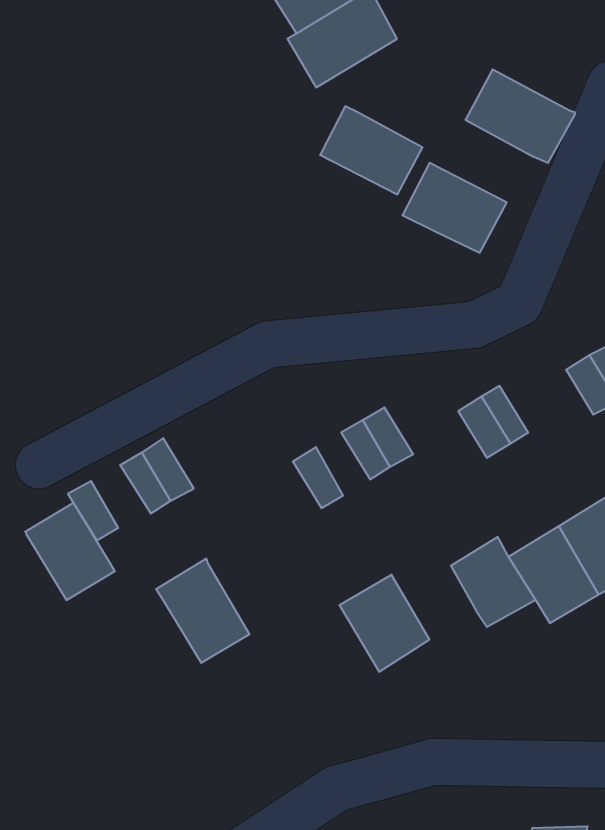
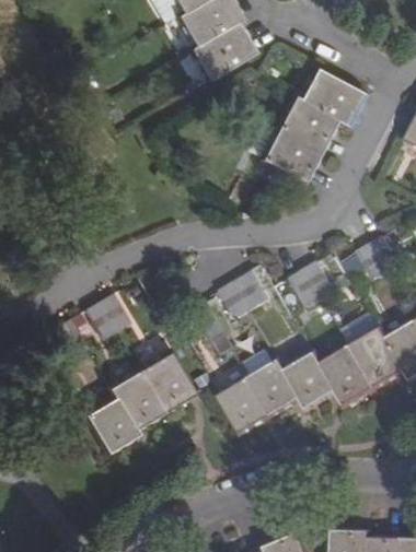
building: [320,106,423,194] -> [273,96,335,150]
building: [25,503,115,600] -> [82,394,137,453]
building: none -> [138,351,194,412]
building: none -> [250,359,301,415]

